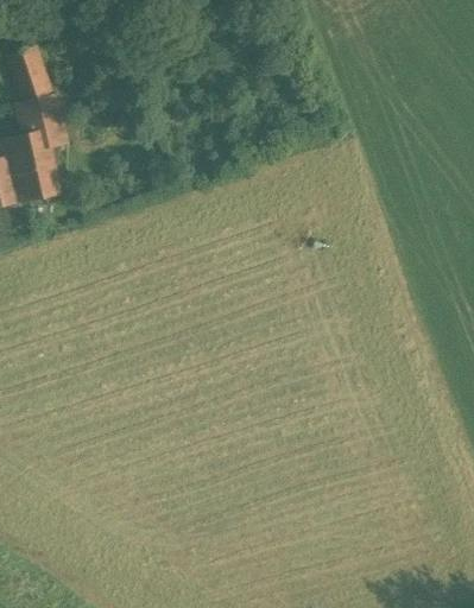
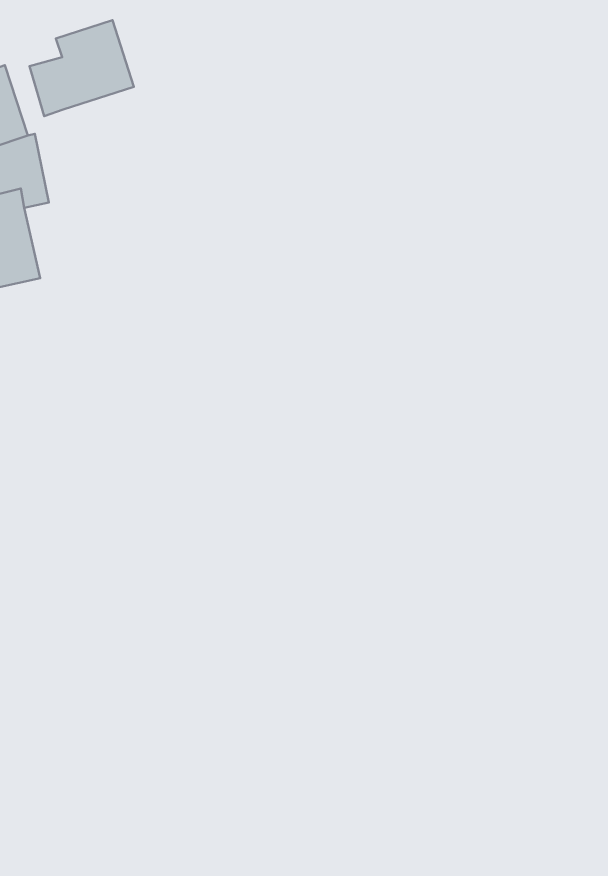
building: none -> [29,20,134,116]

